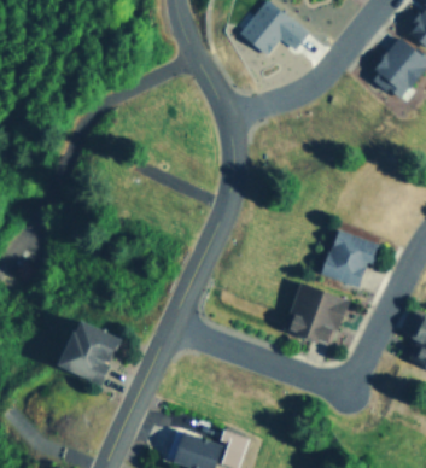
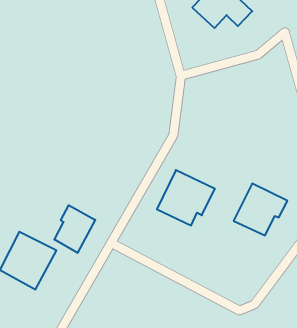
building: none -> [54,205,95,253]
building: [285,283,349,345] -> [157,170,215,225]

